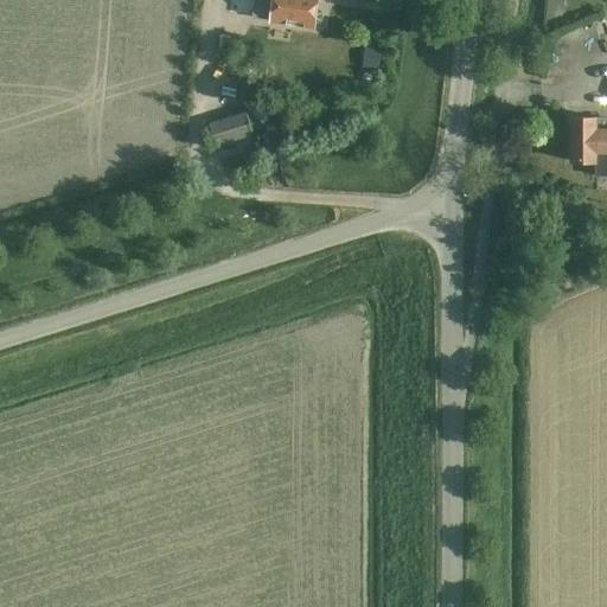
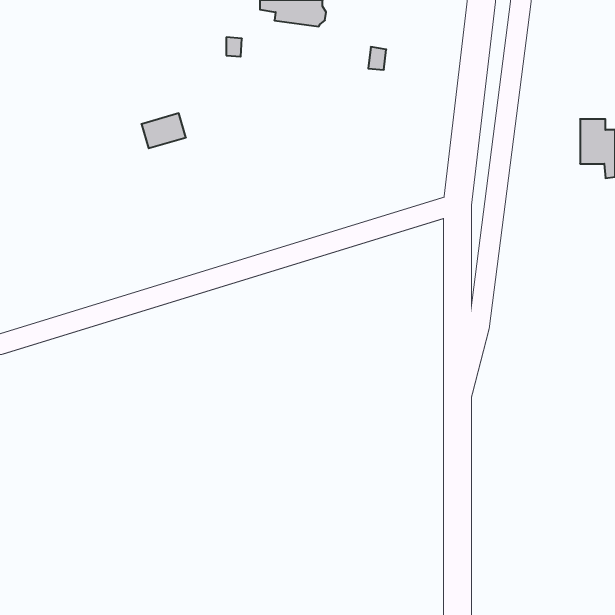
building: [207,109,251,143] -> [141,113,186,148]

